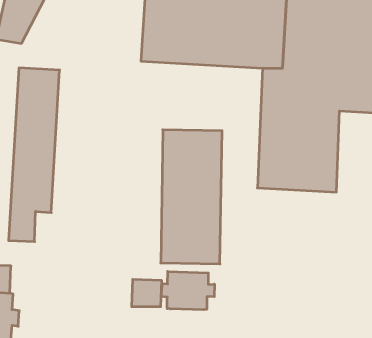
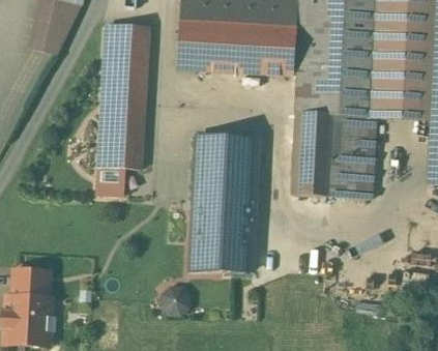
building: [9,68,60,242] -> [96,22,147,195]
building: [161,271,214,310] -> none

